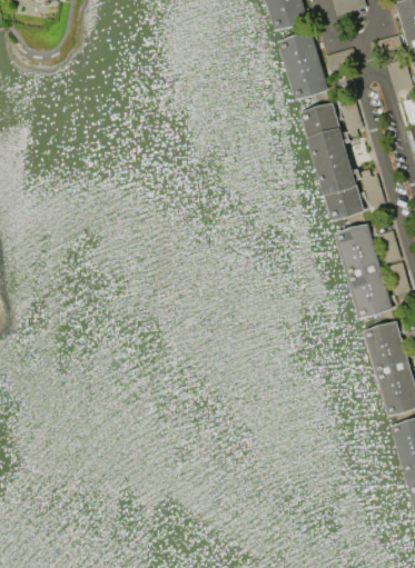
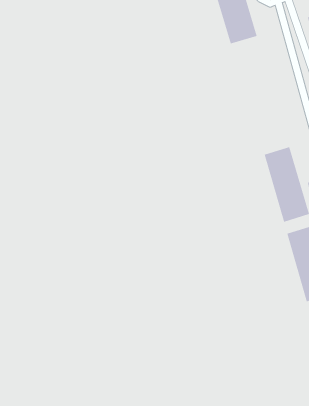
building: [299,102,364,220] -> none

